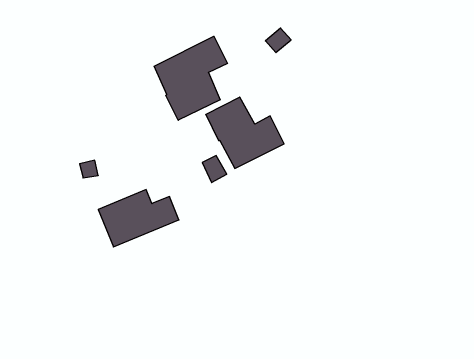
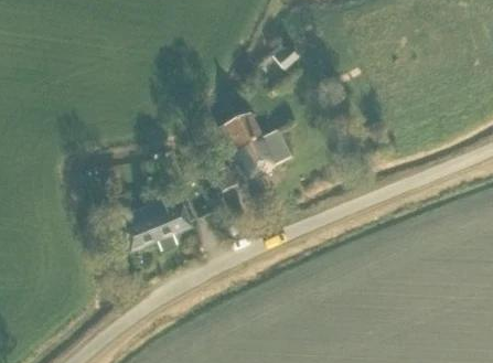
building: [154,36,227,120] -> none

